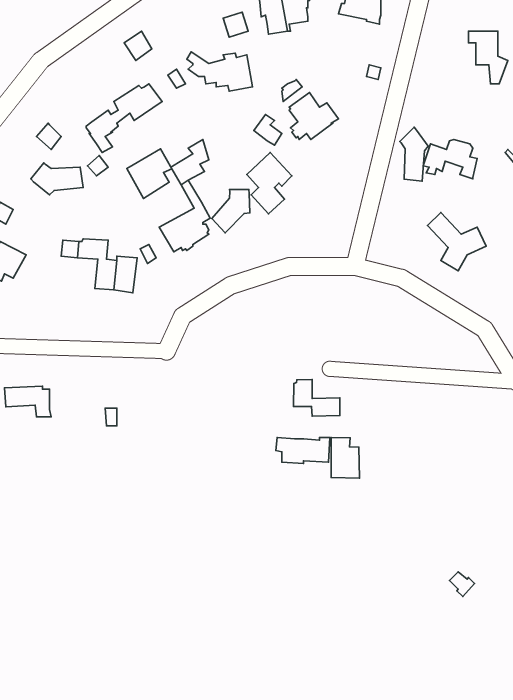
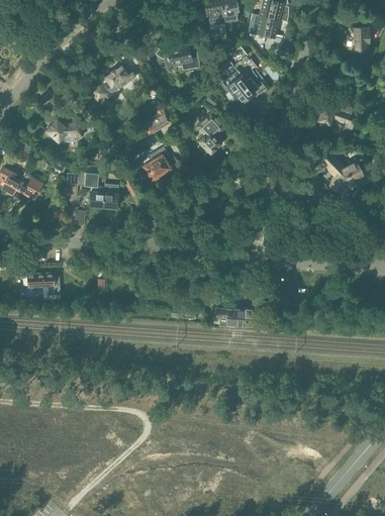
building: none -> [250,13,279,37]
building: [400,127,428,181] -> none
building: [127,149,172,198] -> none
building: [212,190,250,233] -> none
building: [293,379,340,416] -> none
building: [331,437,360,478] -> none

